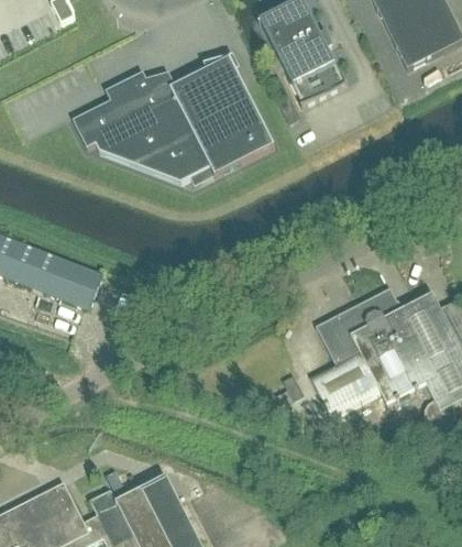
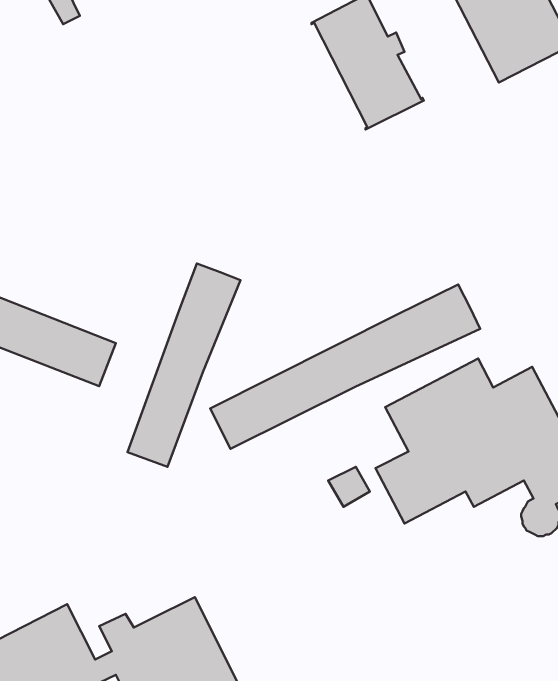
building: [72,56,274,180] -> none
building: none -> [128,264,241,467]
building: none -> [210,284,480,449]

